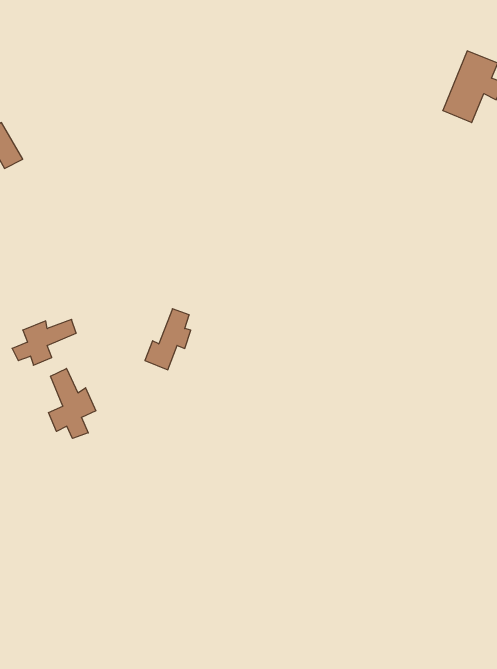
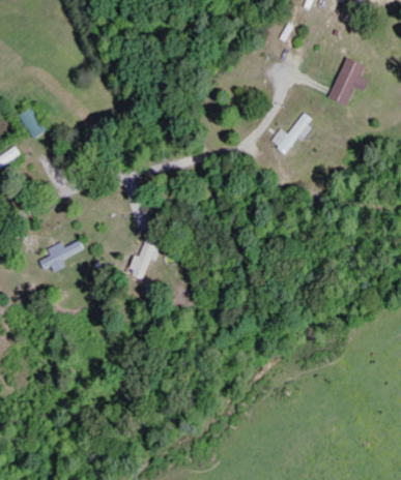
building: none -> [270,113,314,154]
building: [49,368,96,438] -> none

